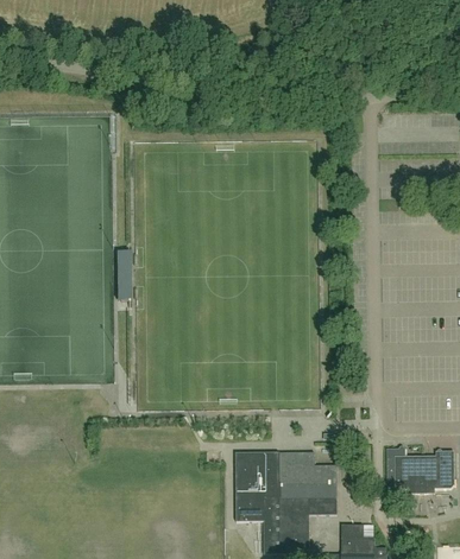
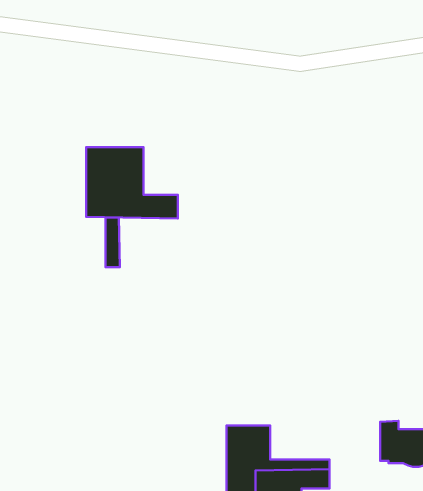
building: none -> [86,147,178,218]
building: [278,451,336,484] -> none

